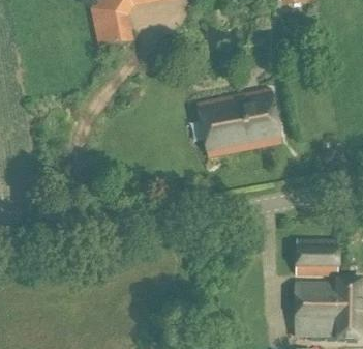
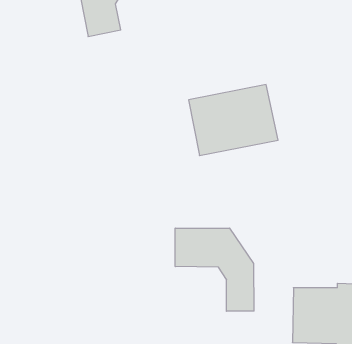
building: none -> [175,228,254,311]
building: [296,239,338,275] -> none

